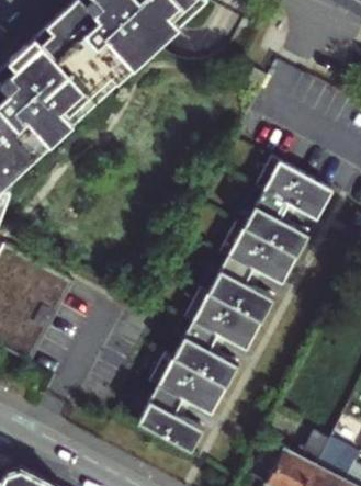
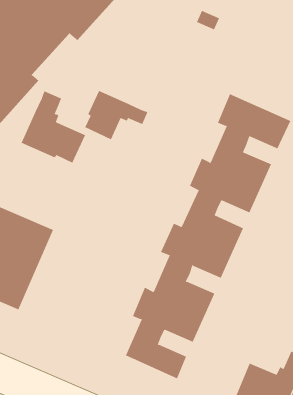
building: none -> [21,90,86,164]
building: none -> [84,90,148,140]

